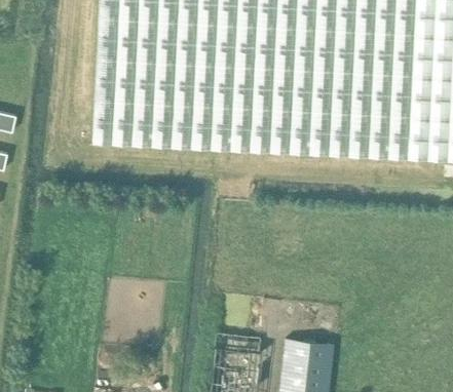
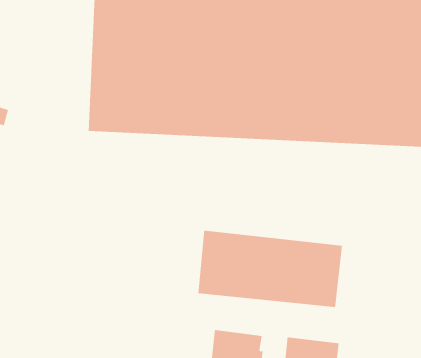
building: none -> [198,230,342,308]

